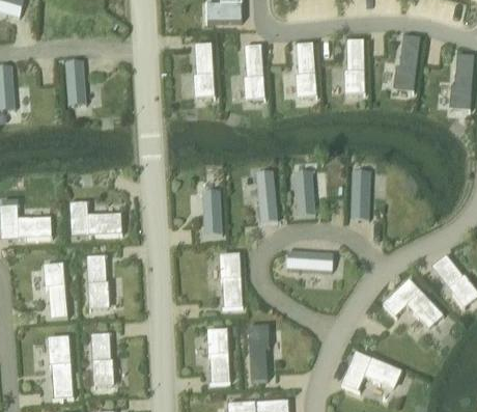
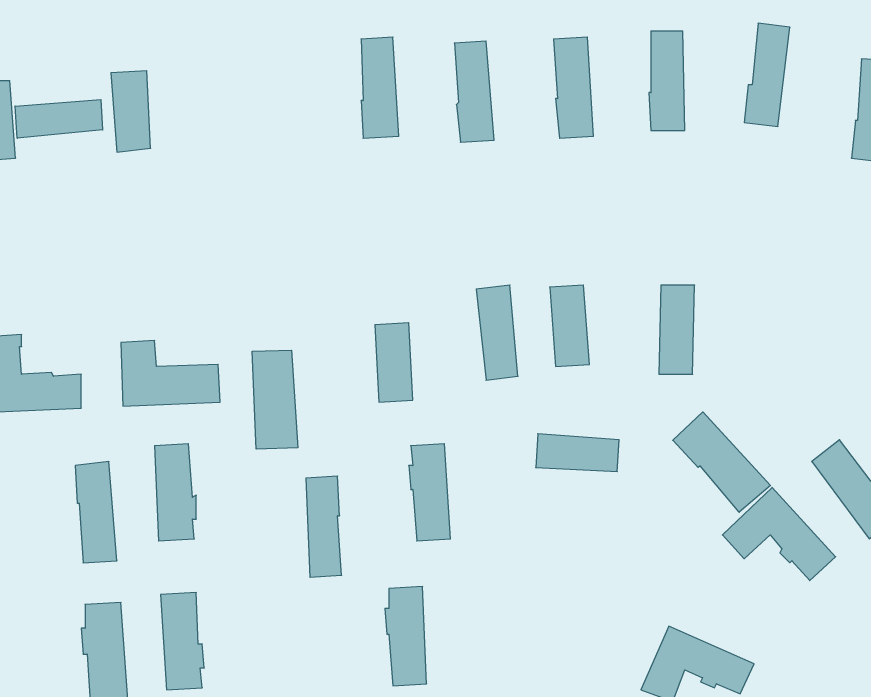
building: none -> [15,100,103,138]
building: none -> [252,350,298,449]
building: none -> [673,412,770,512]
building: [249,327,268,380] -> [306,476,342,577]

